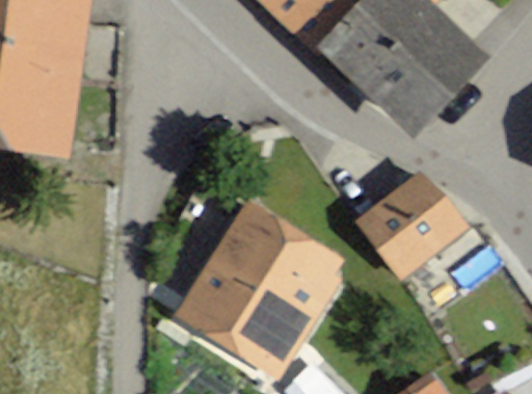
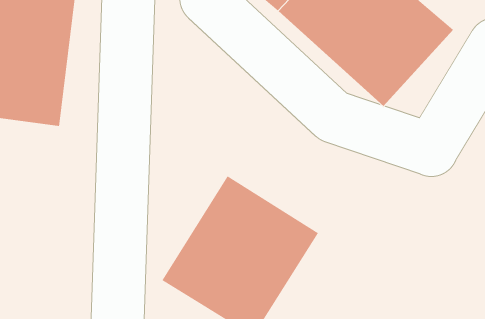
building: [356,172,466,279] -> none

